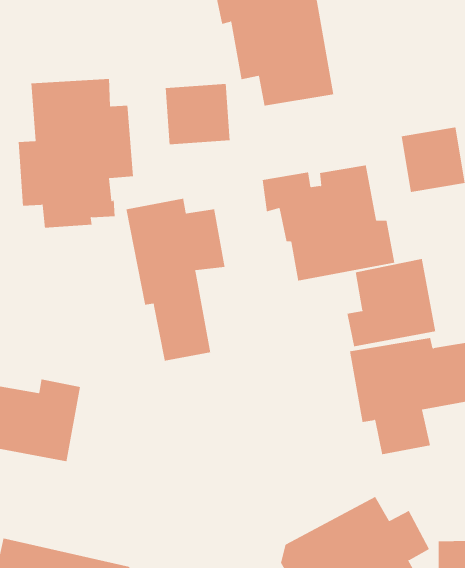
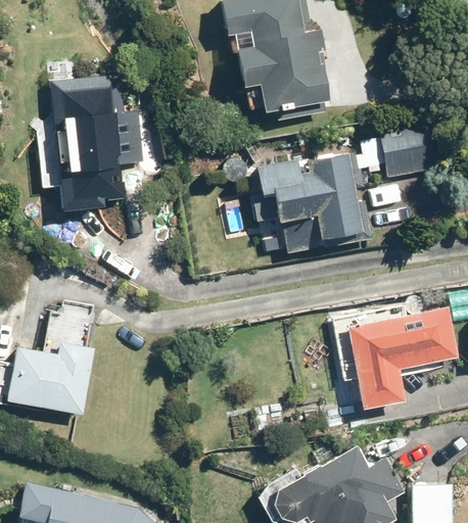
building: [165,83,230,145] -> none
building: [126,198,225,362] -> none
building: [347,258,436,347] -> none

